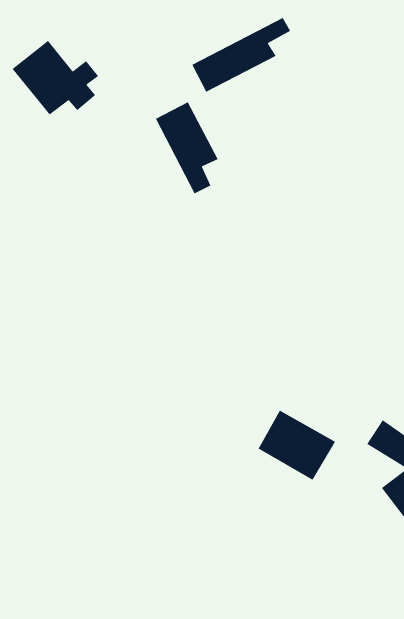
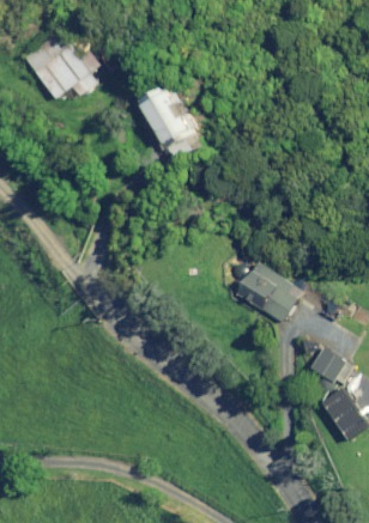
building: [191,17,291,93] -> none
building: [257,409,336,481] -> [236,262,301,321]

